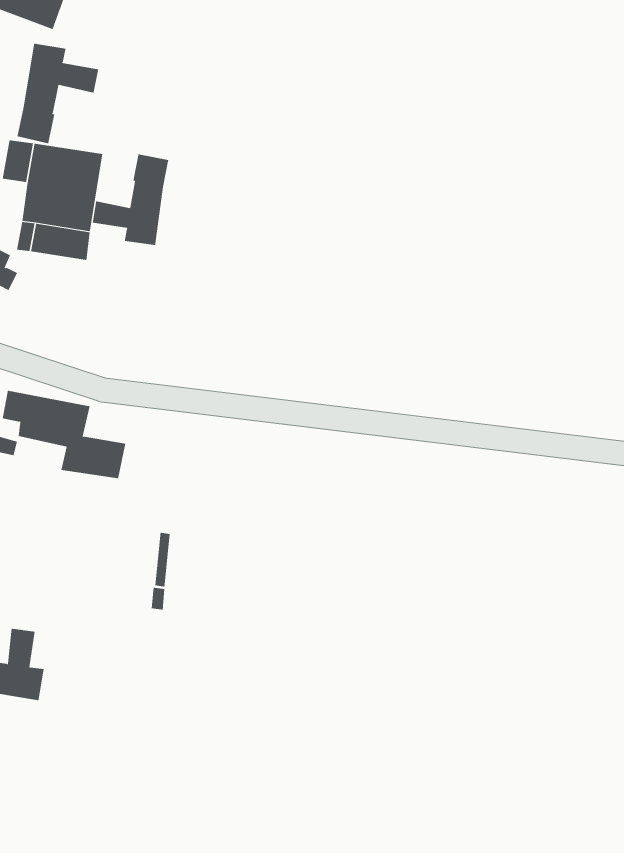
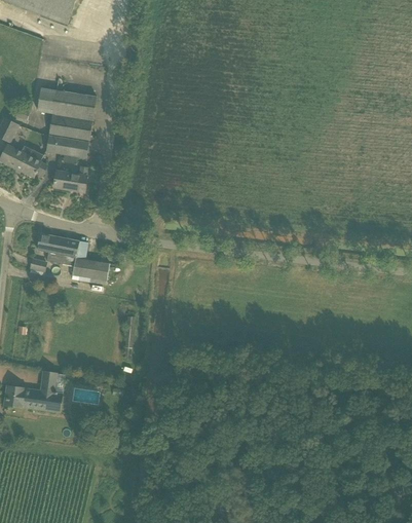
building: [17,43,99,144] -> none
building: [92,153,169,246] -> none
building: none -> [53,165,87,191]

